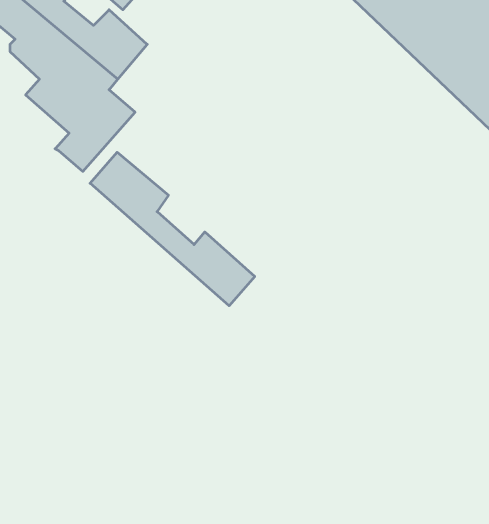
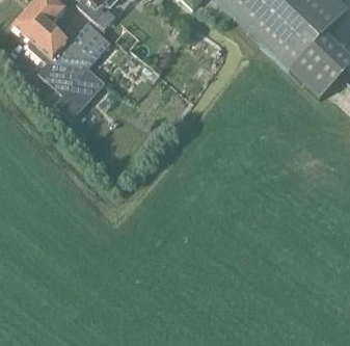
building: [90,152,255,306] -> none

